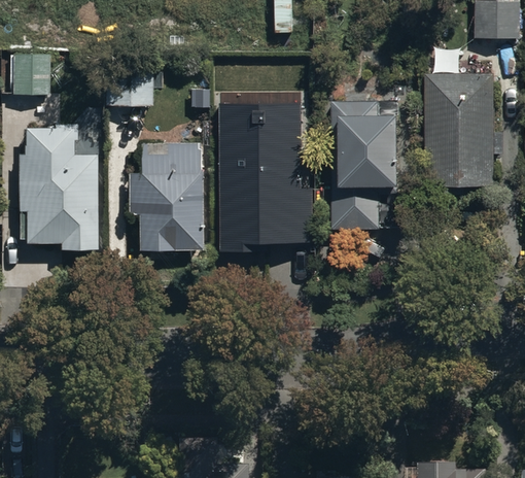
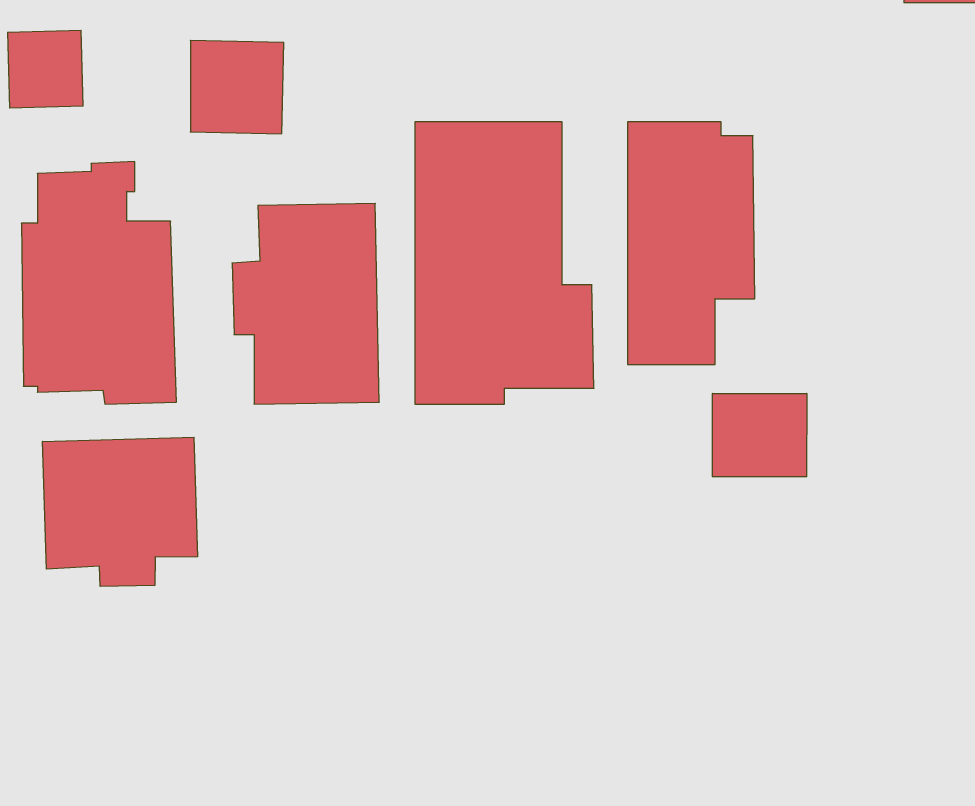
building: [424,73,495,187] -> none
building: none -> [712,393,807,477]
building: none -> [43,437,198,586]

